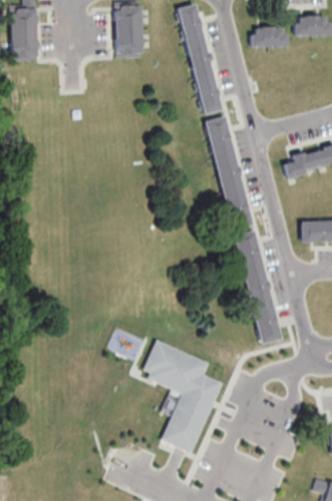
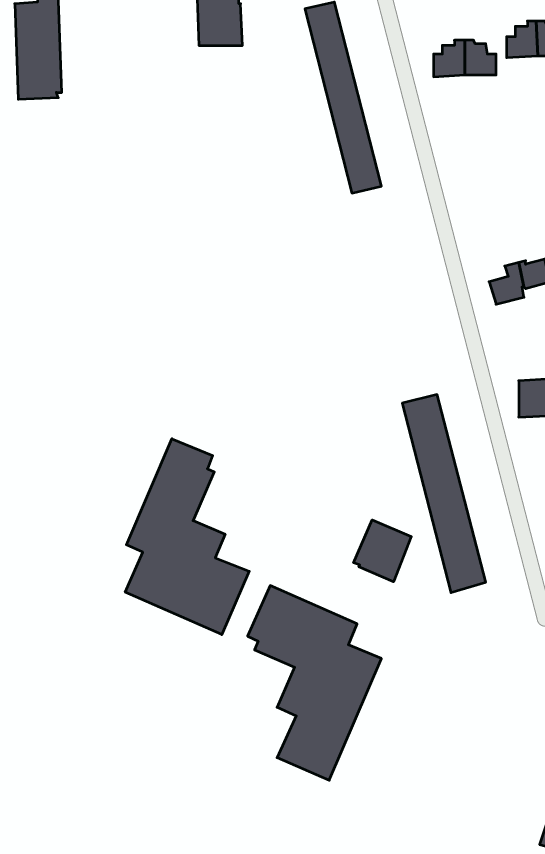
building: [116,29,142,57] -> none
building: [205,117,253,229] -> none
building: none -> [125,439,249,635]
building: none -> [354,520,411,582]

